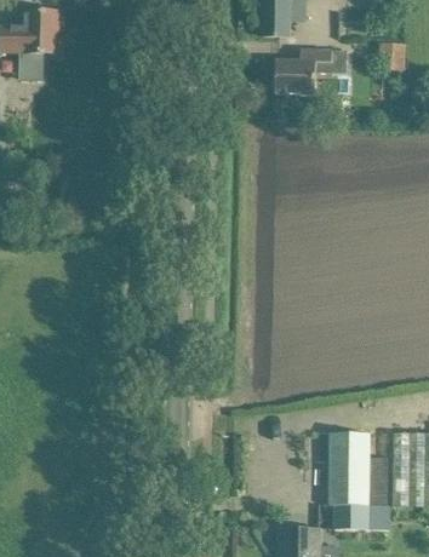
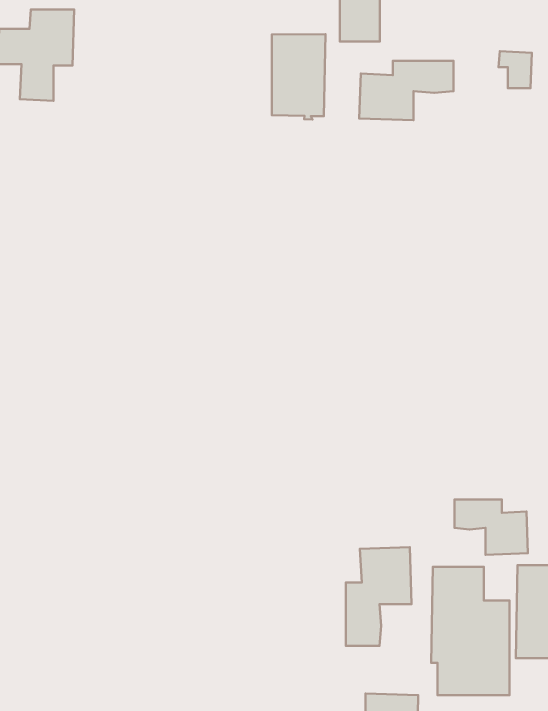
building: none -> [272,34,325,119]
building: none -> [455,500,528,555]
building: none -> [346,547,412,646]

